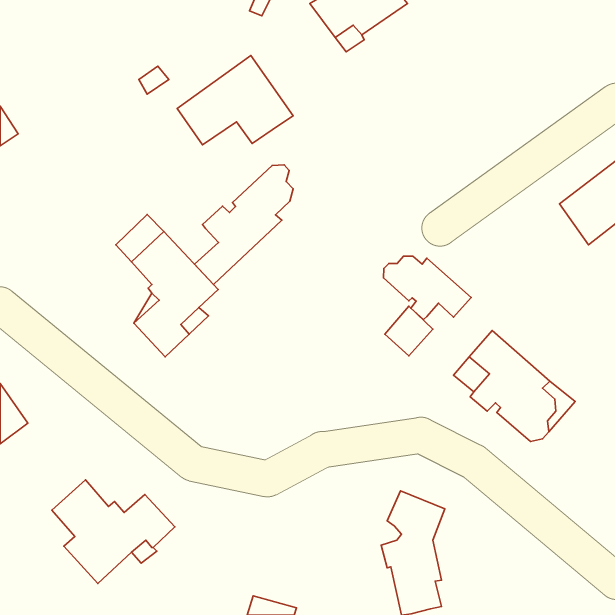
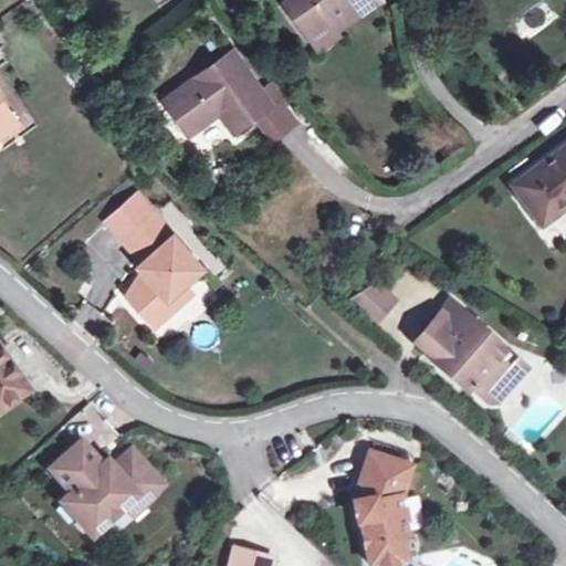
building: none -> [256,84,297,139]
building: [195,165,293,285] -> none
building: [383,256,471,320] -> none

